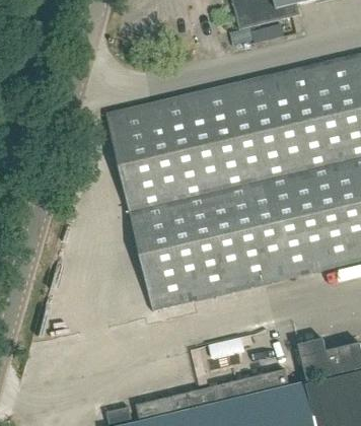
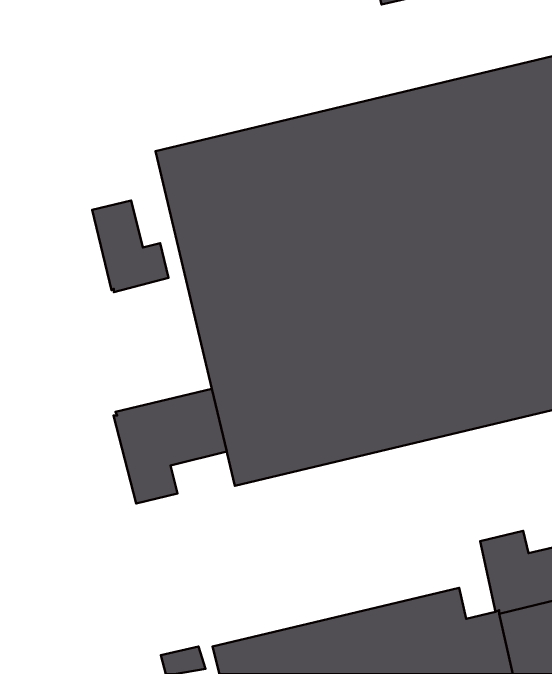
building: none -> [92,201,168,292]
building: none -> [113,389,227,504]

